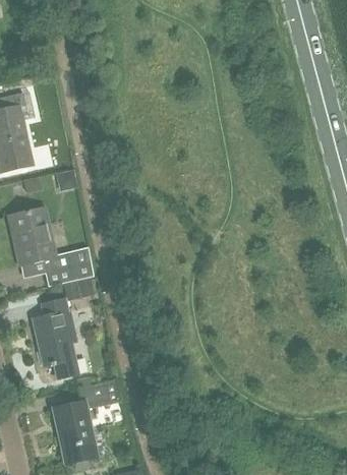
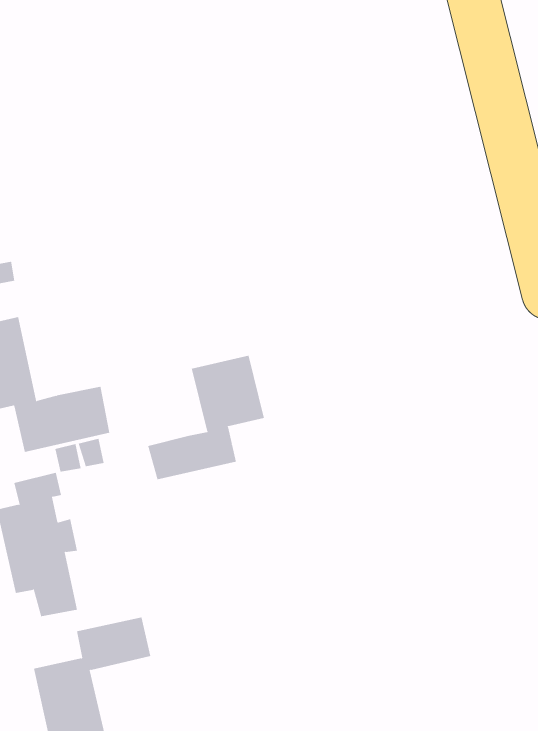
building: none -> [148,355,265,480]

